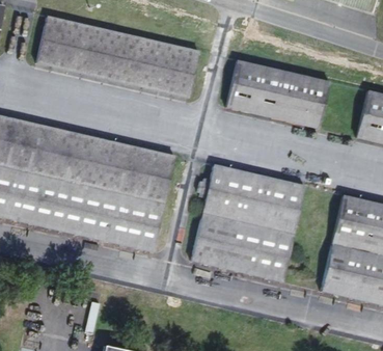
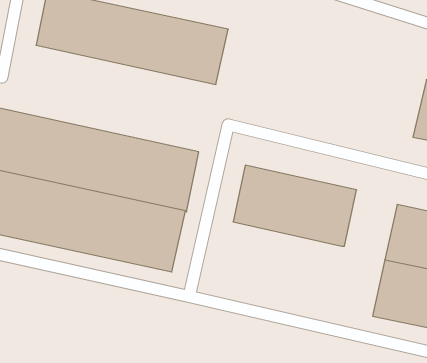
building: [225,61,330,131] -> none
building: [192,212,296,285] -> none

